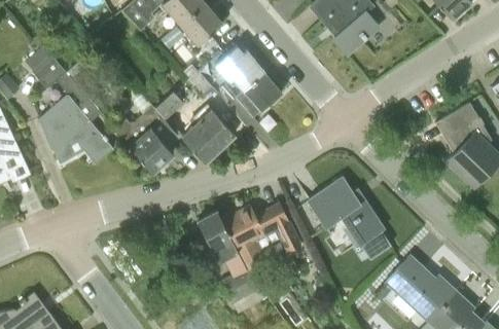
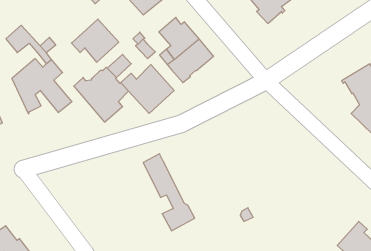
building: none -> [71,19,119,62]
building: [309,178,392,258] -> none
building: [222,203,300,271] -> none
building: [383,263,456,321] -> none

